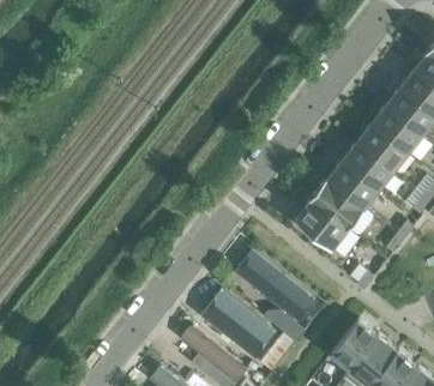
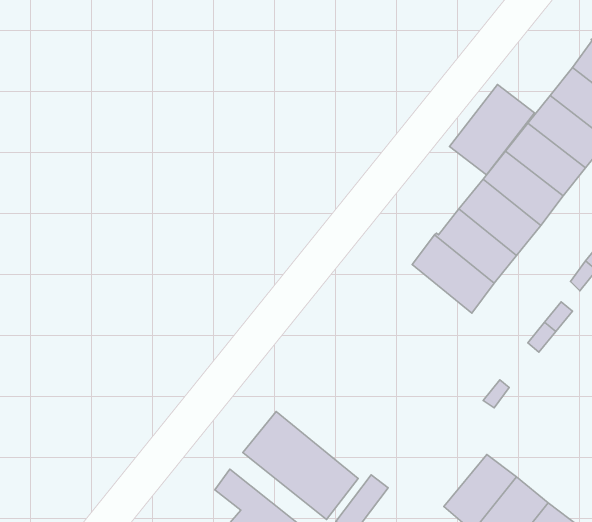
building: none -> [449,84,535,175]
building: [295,198,349,249] -> none
building: [236,257,315,328] -> none

